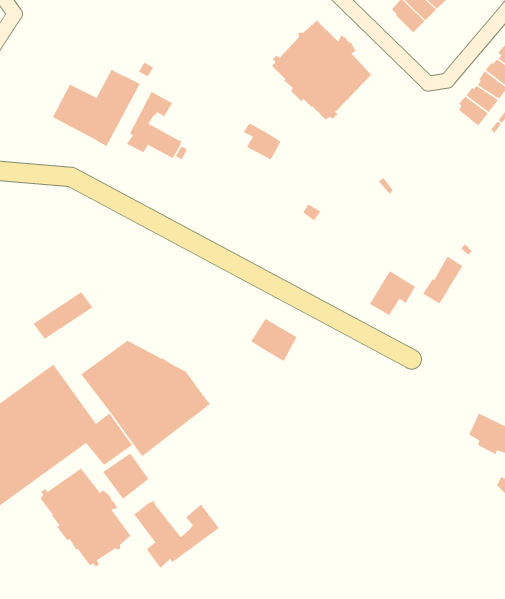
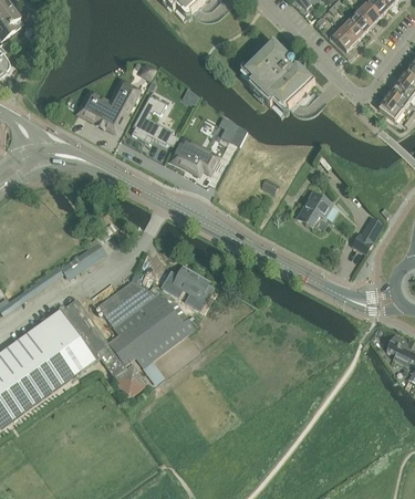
building: none -> [168,135,221,178]
building: [369,270,416,316] -> [297,193,332,227]
building: [250,318,298,362] -> [173,268,208,301]
building: [40,468,131,567] -> none
building: [133,500,220,569] -> none

